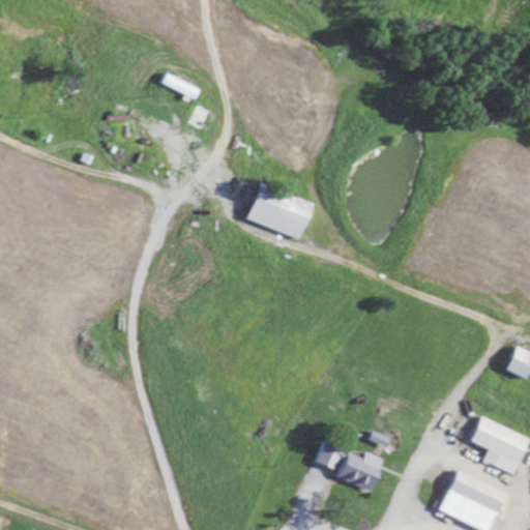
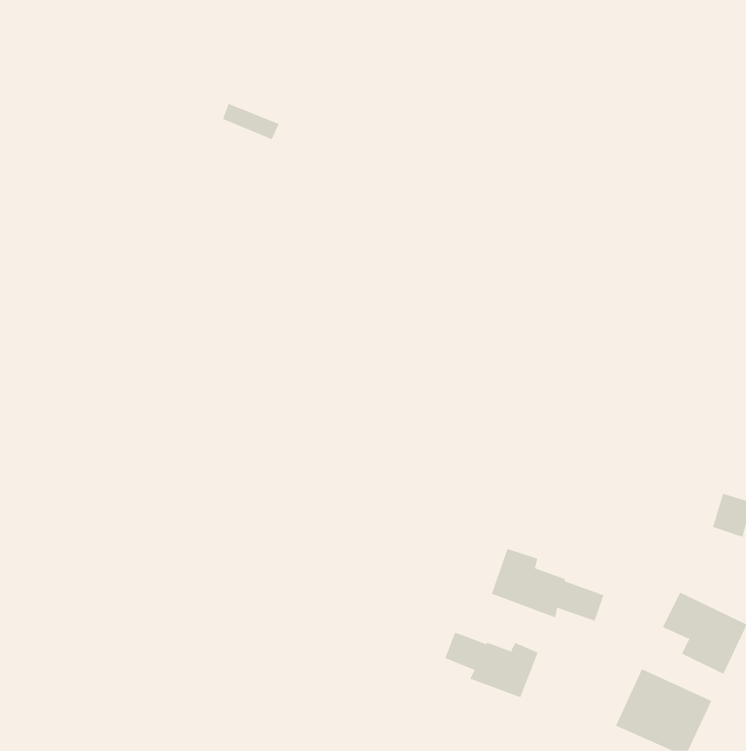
building: [245,184,313,239] -> none
building: none -> [491,548,604,622]

